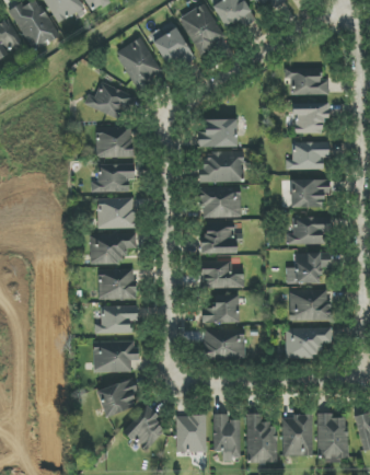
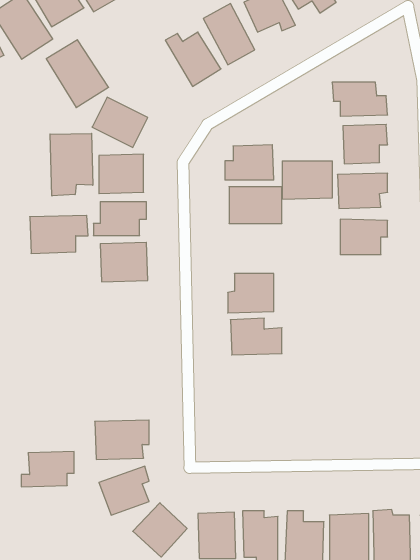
building: [115,37,165,92] -> [46,40,109,108]
building: none -> [50,133,93,196]
building: [200,187,241,218] -> [282,161,332,199]
building: [288,215,331,245] -> none
building: [90,232,137,263] -> [30,215,88,253]
building: [286,252,331,283] -> none
building: [99,268,136,300] -> none
building: [289,288,331,321] -> none
building: [203,294,240,323] -> none
building: [95,305,138,334] -> [21,452,74,487]
building: [286,326,332,357] -> none
building: [205,328,245,359] -> none

